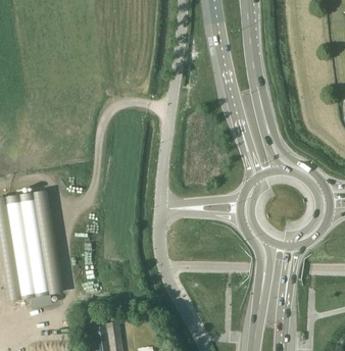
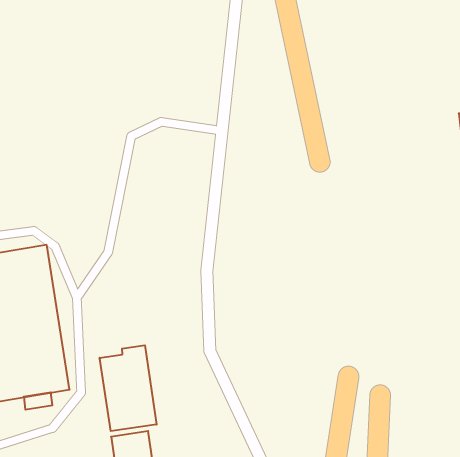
building: none -> [100,345,157,431]

